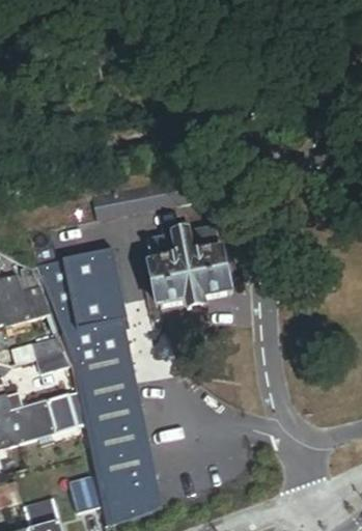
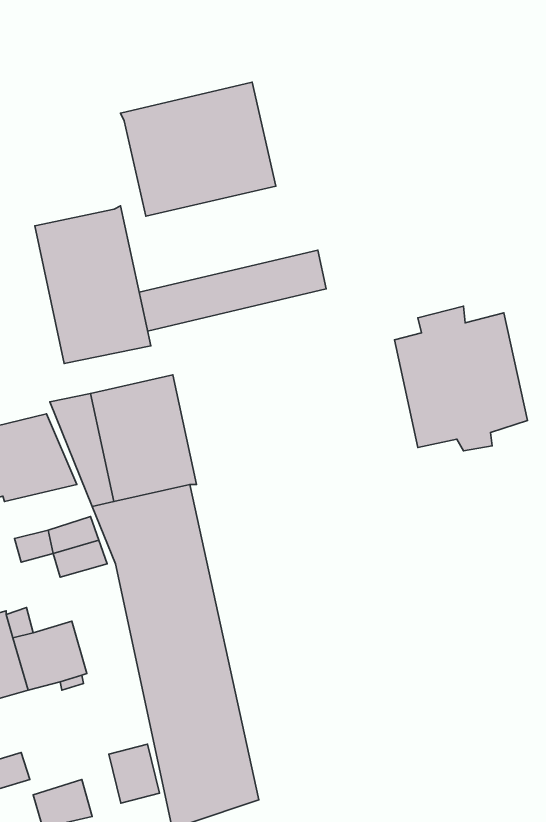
building: none -> [120,82,276,216]
building: none -> [35,206,151,363]
building: [142,219,224,308] -> [394,306,527,451]
building: [47,392,84,431] -> none

